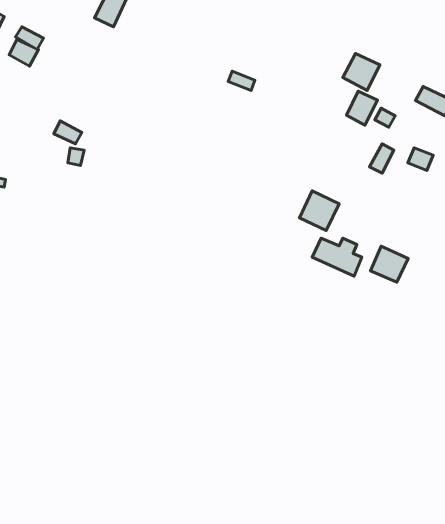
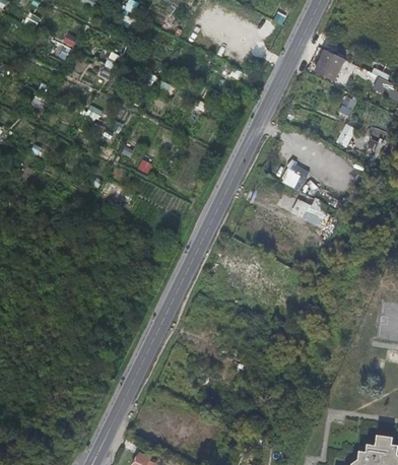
building: [347,91,377,125] -> none
building: [371,246,408,282] -> none

